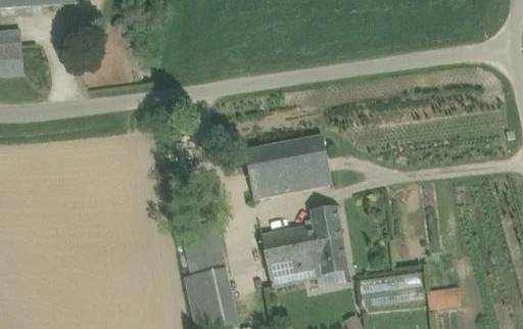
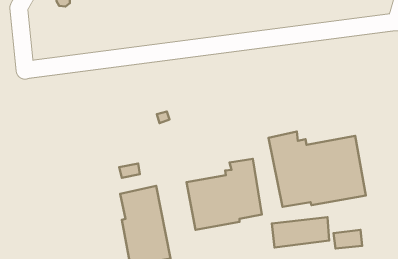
building: [242,135,331,200] -> none
building: none -> [268,132,366,207]

